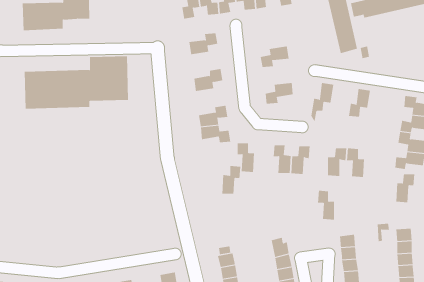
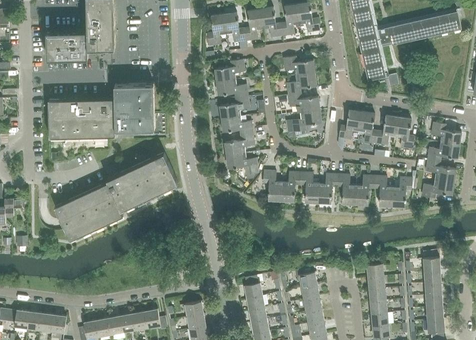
building: none -> [283,57,314,76]
building: none -> [216,79,247,98]
building: none -> [288,94,319,112]
building: none -> [358,112,377,144]
building: none -> [221,116,252,135]
building: none -> [395,118,413,149]
building: none -> [54,152,178,240]
building: [221,166,241,194] -> [280,172,300,201]
building: [395,174,415,203] -> [391,178,411,207]
building: [317,190,335,220] -> [336,174,354,204]

